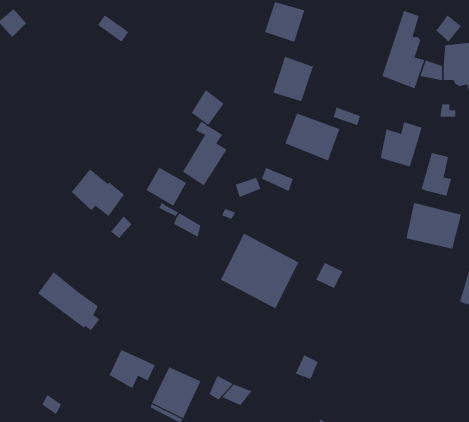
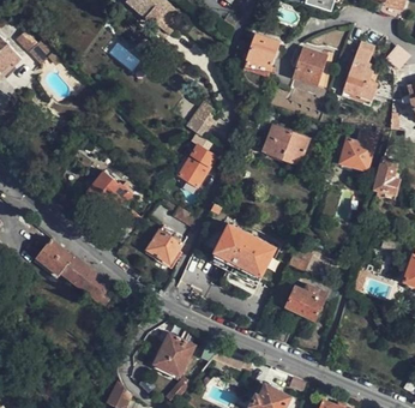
building: [273,56,314,102] -> [293,48,326,85]
building: [146,167,187,206] -> [148,230,181,263]
building: [406,202,462,250] -> none
building: none -> [36,240,72,276]
building: none -> [287,286,326,319]
building: [109,349,155,389] -> none

